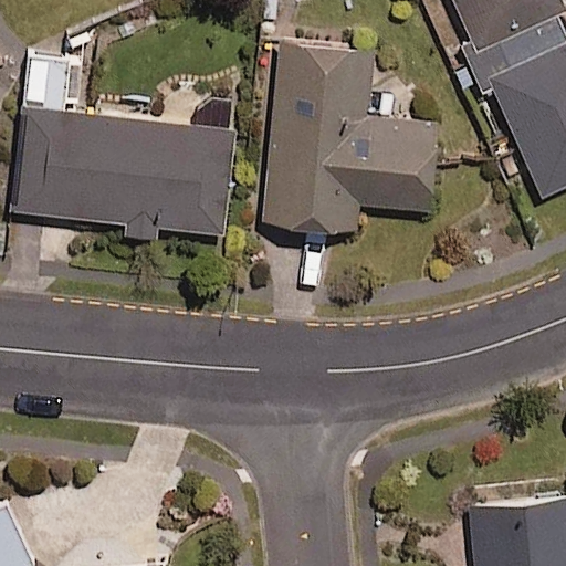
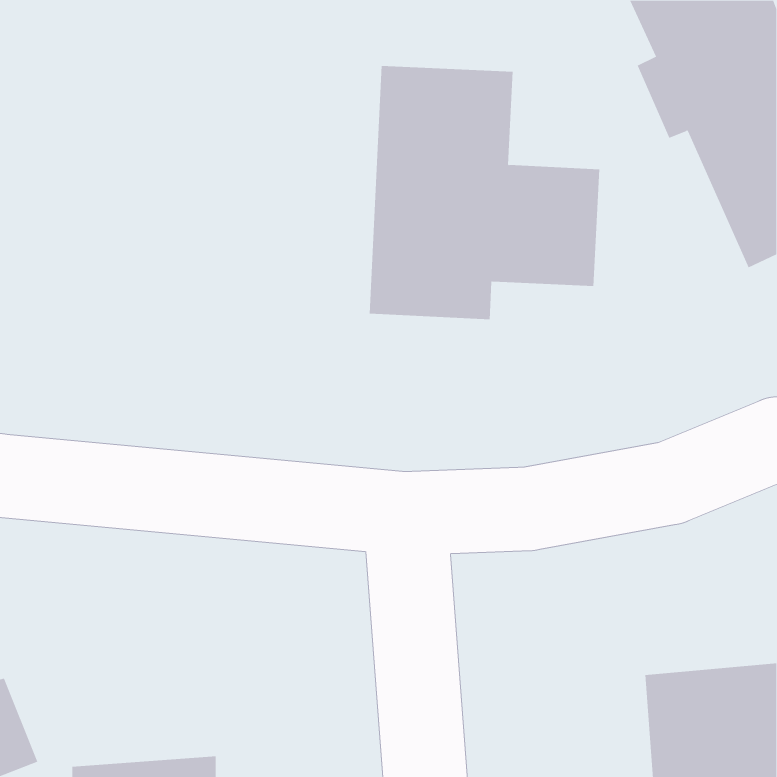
building: [15,60,232,242] -> none

